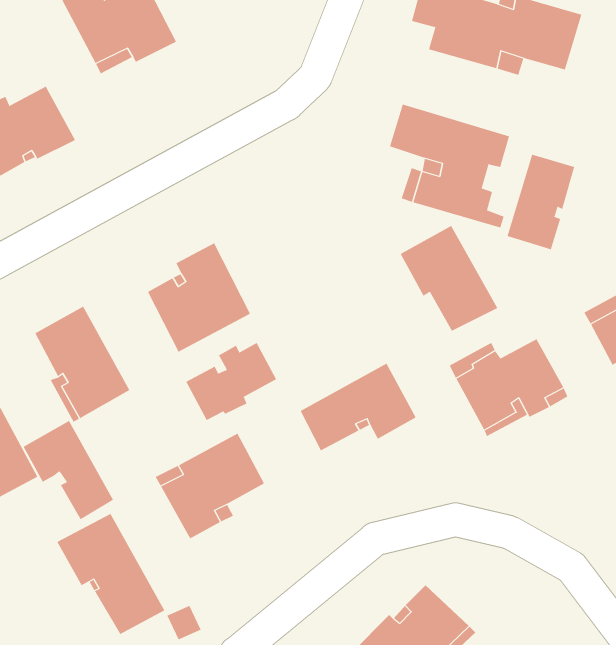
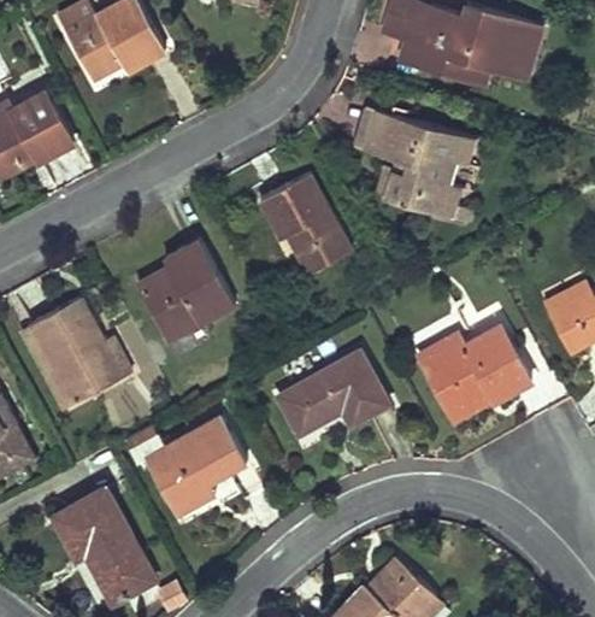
building: [507,154,575,250] -> none
building: [400,225,498,331] -> [260,175,352,274]
building: [185,342,277,421] -> none
building: [23,420,114,520] -> none

